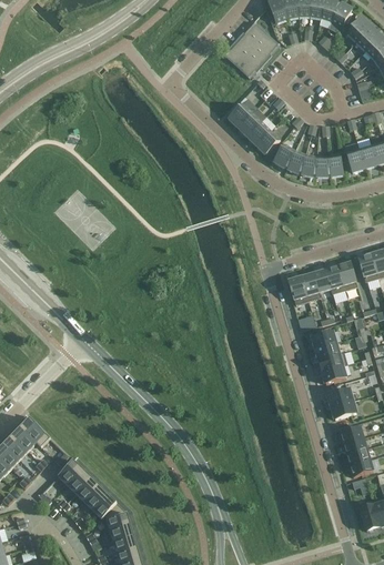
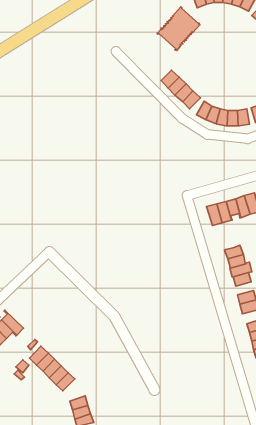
building: [104,502,130,531] -> none

